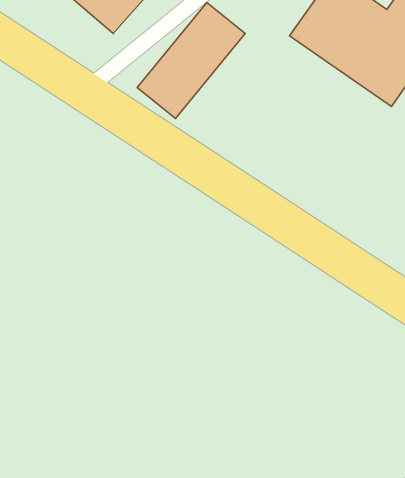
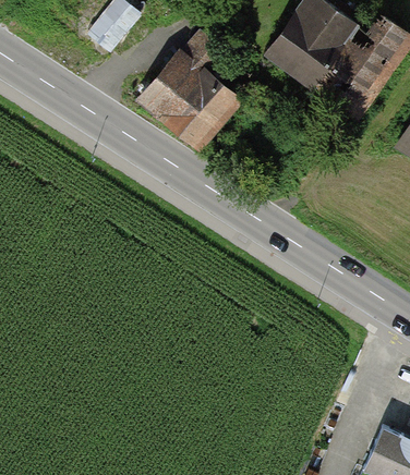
building: none -> [172,75,239,143]

